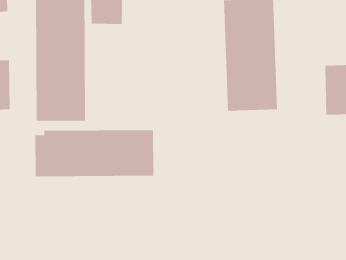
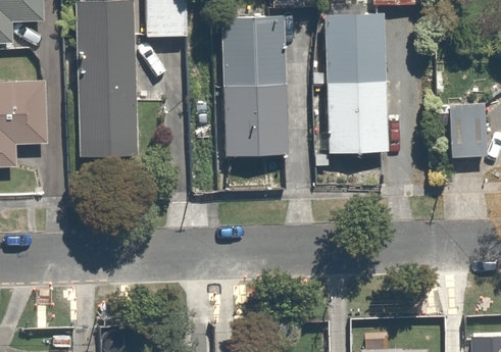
building: none -> [214,14,281,152]
building: [35,129,154,177] -> none

